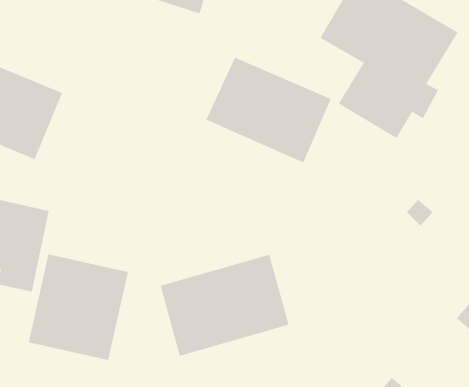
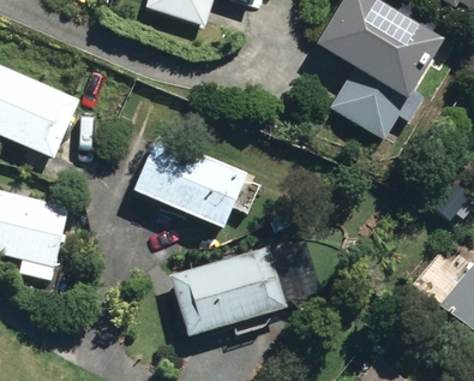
building: [206,57,331,163] -> [133,132,248,230]
building: [28,253,128,361] -> none

